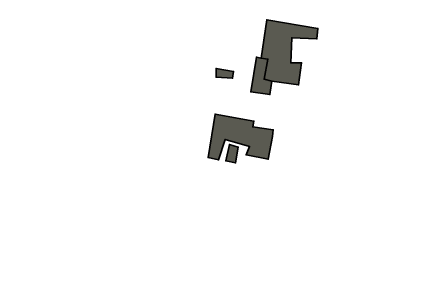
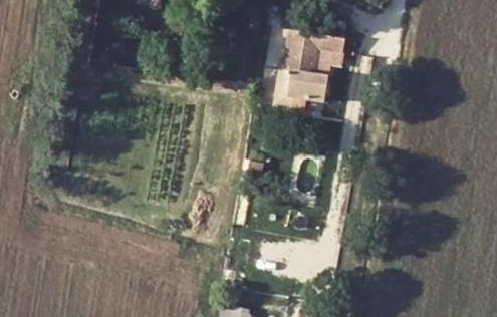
building: [208,114,273,160] -> none

